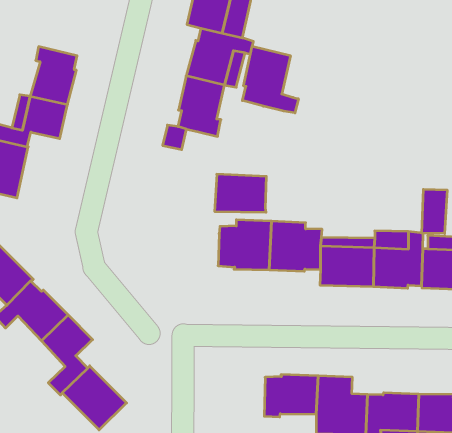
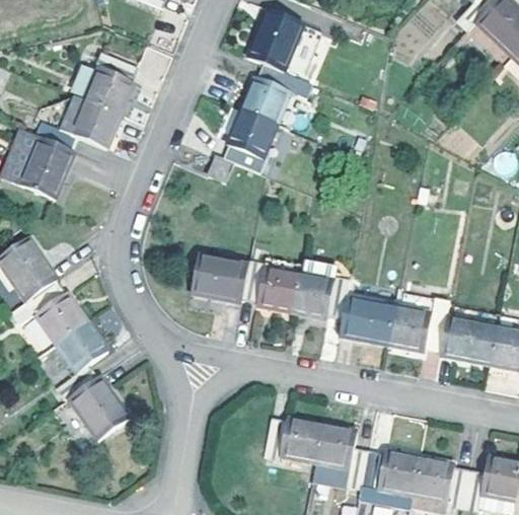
building: [242,46,298,113] -> none
building: [215,174,266,212] -> [192,258,248,303]
building: [422,189,447,234] -> none

